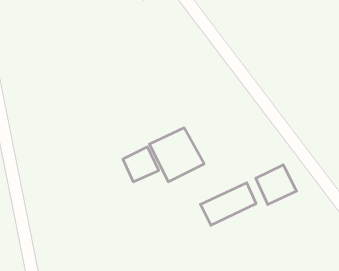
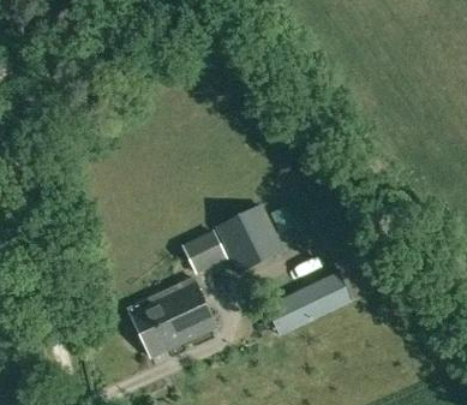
building: [256,165,297,205] -> none
building: none -> [128,280,215,356]

